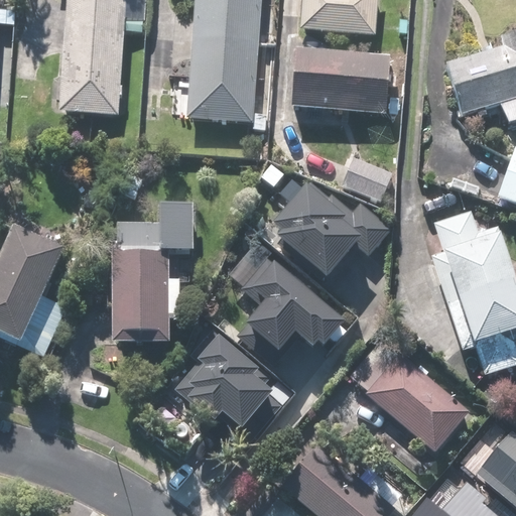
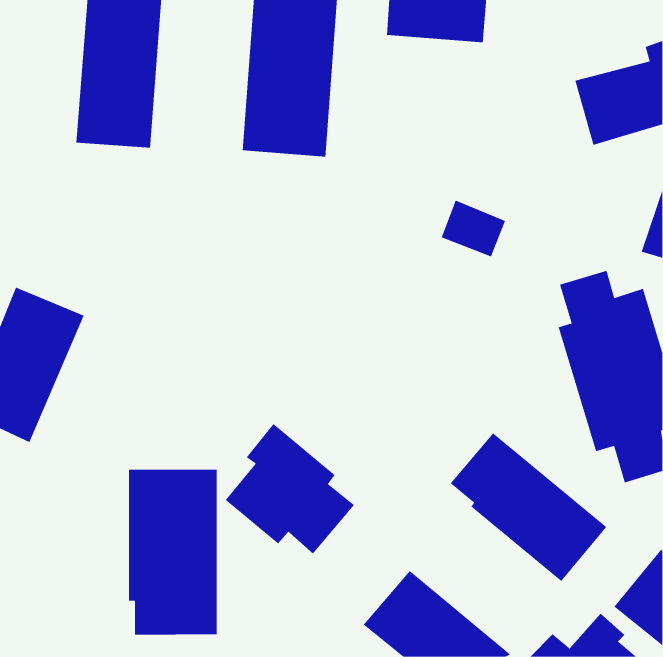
building: [292,47,391,113] -> none
building: [274,180,392,279] -> none
building: [113,201,194,343] -> none
building: [237,257,347,367] -> none
building: none -> [129,469,217,636]

